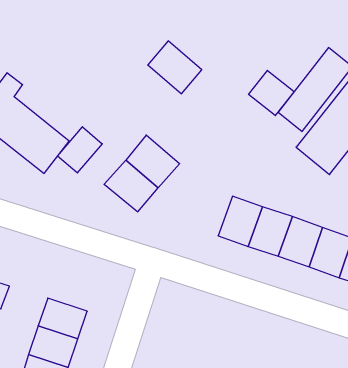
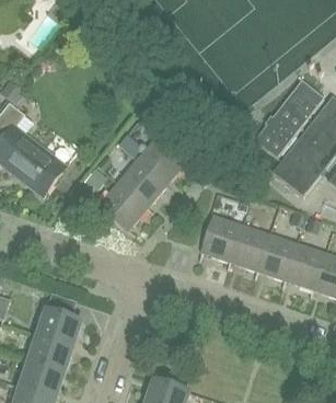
building: [148,41,202,94] -> [135,138,184,186]
building: [249,70,294,116] -> none
building: [58,127,102,173] -> none

